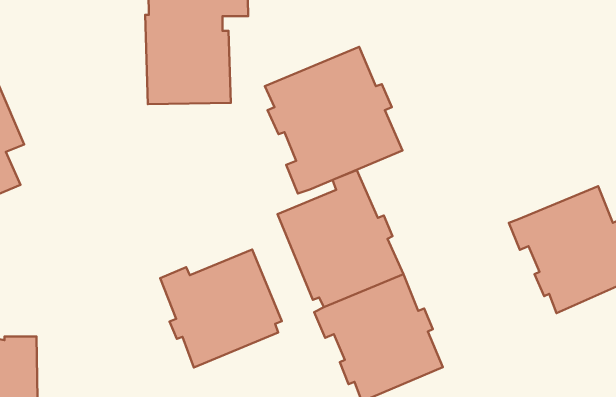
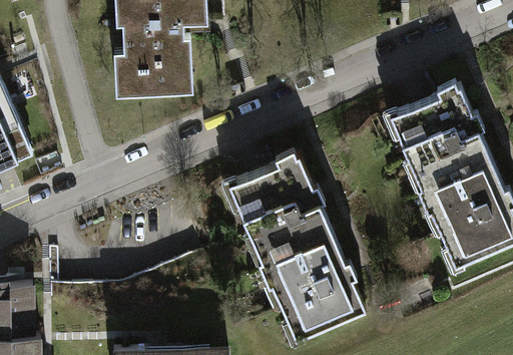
building: [265,47,402,194] -> none
building: none -> [389,79,491,189]
building: [160,249,282,367] -> none

